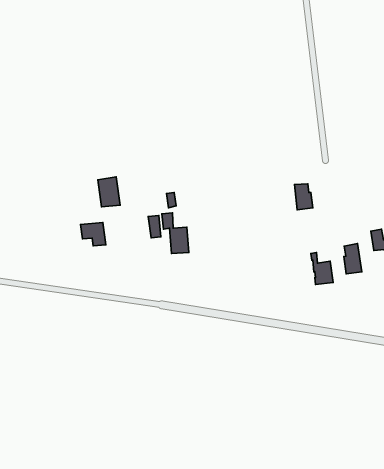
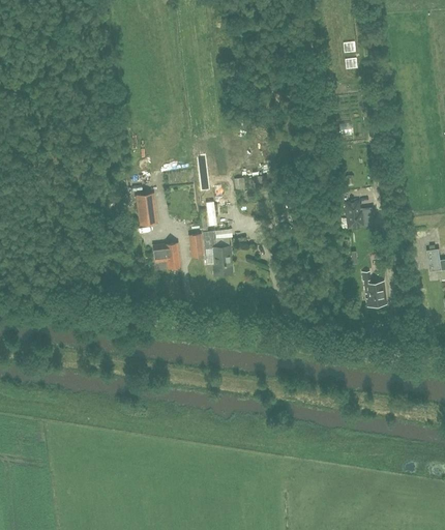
building: [81,223,106,246] -> [154,243,181,268]
building: [344,243,362,274] -> none

